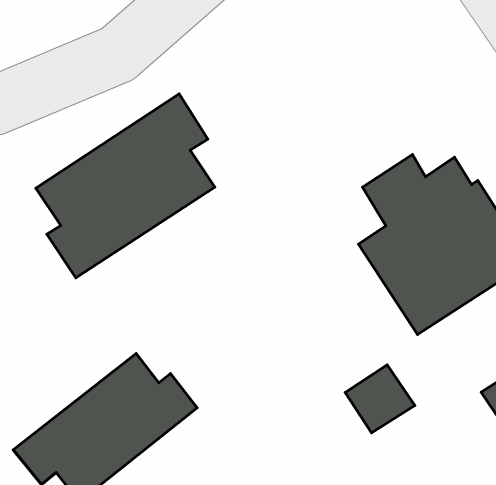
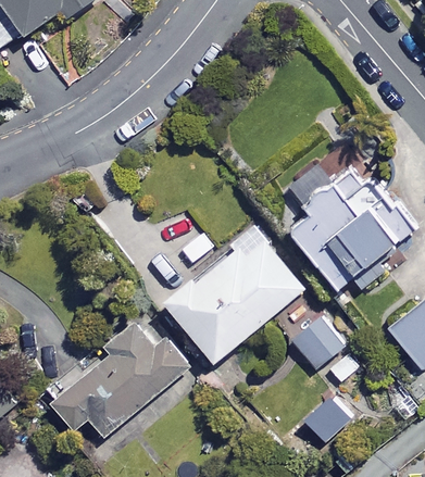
building: [36,94,215,278] -> none
building: none -> [166,241,303,361]

